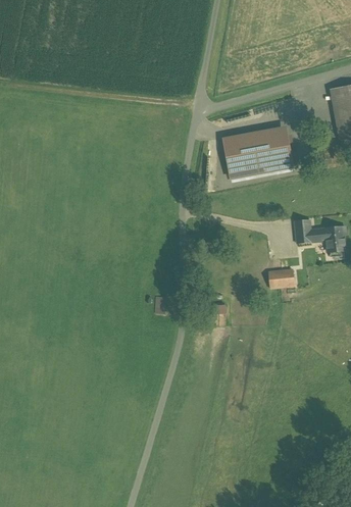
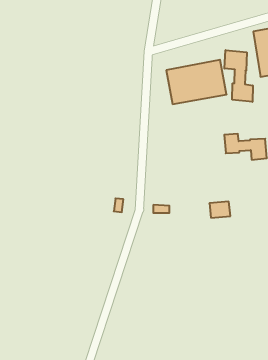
building: none -> [224,50,253,102]
building: [269,266,296,287] -> [209,202,230,218]

